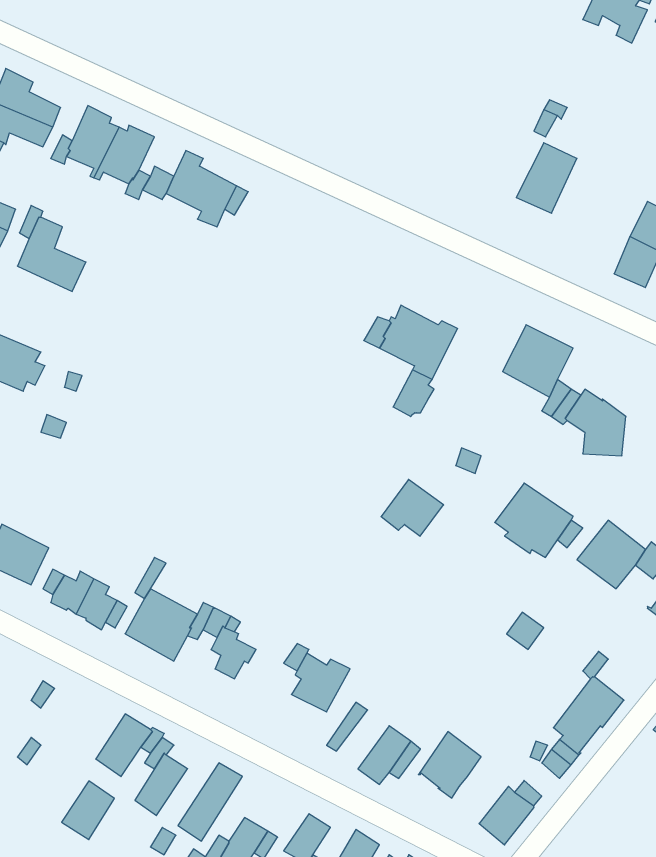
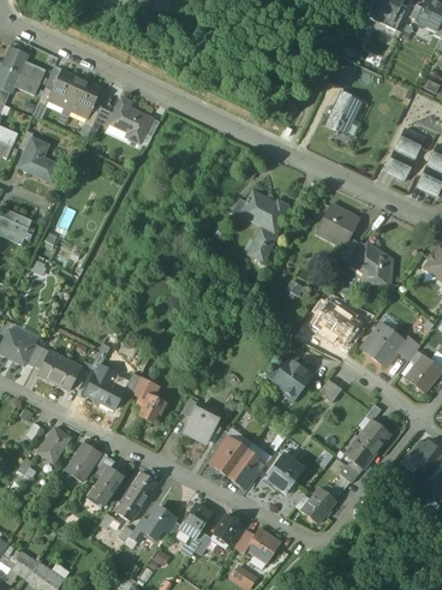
building: [381,479,444,536] -> [273,359,311,394]
building: none -> [214,440,246,476]
building: [62,781,114,840] -> [37,427,70,463]

